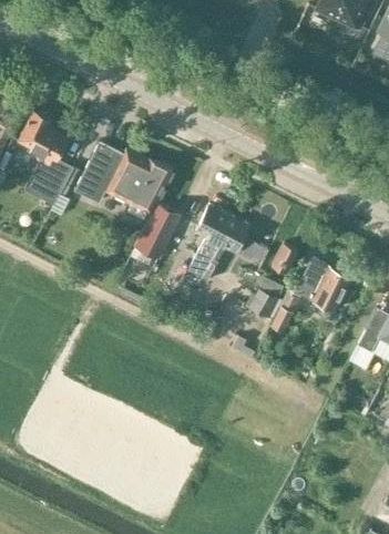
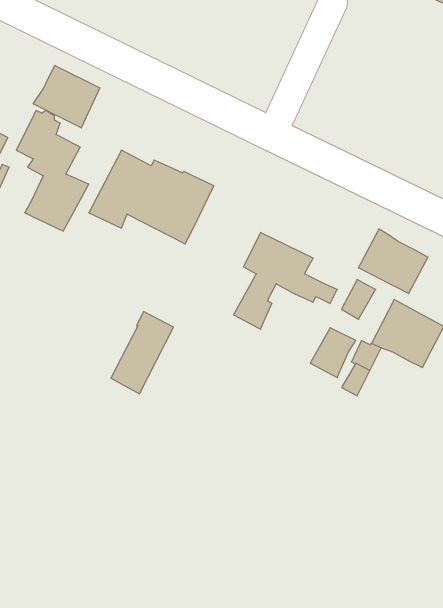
building: none -> [33,65,100,128]
building: none -> [358,229,428,294]
building: [130,204,178,268] -> [111,311,173,394]

